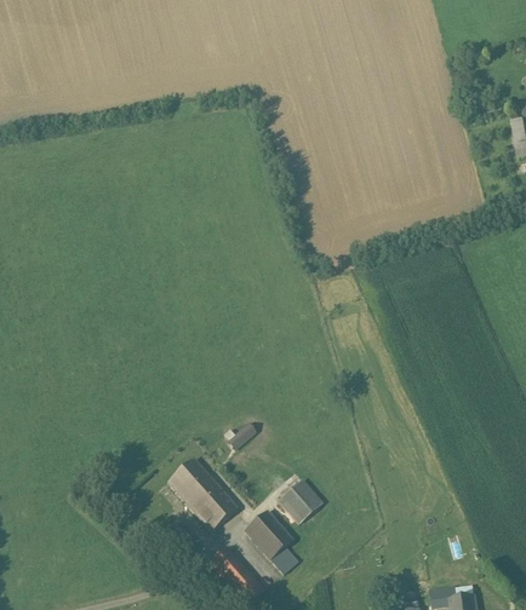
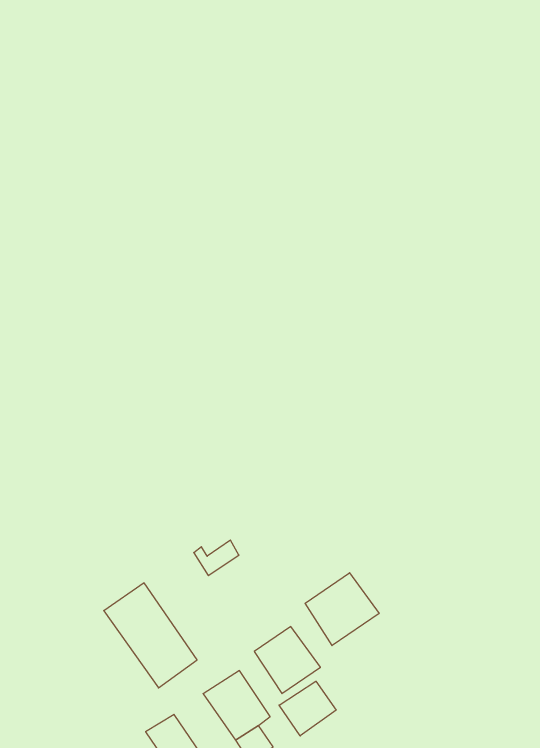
building: none -> [305,573,379,646]
building: none -> [279,681,336,736]

